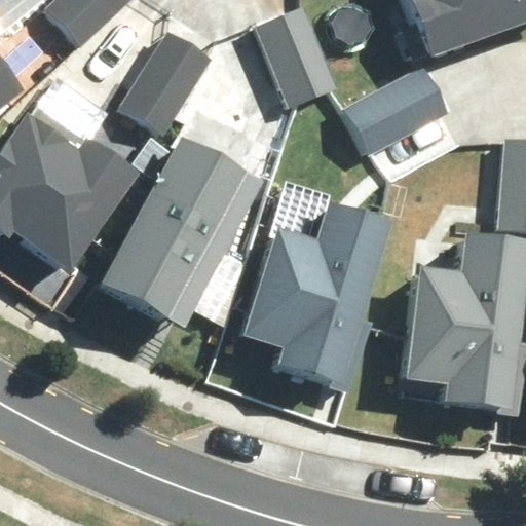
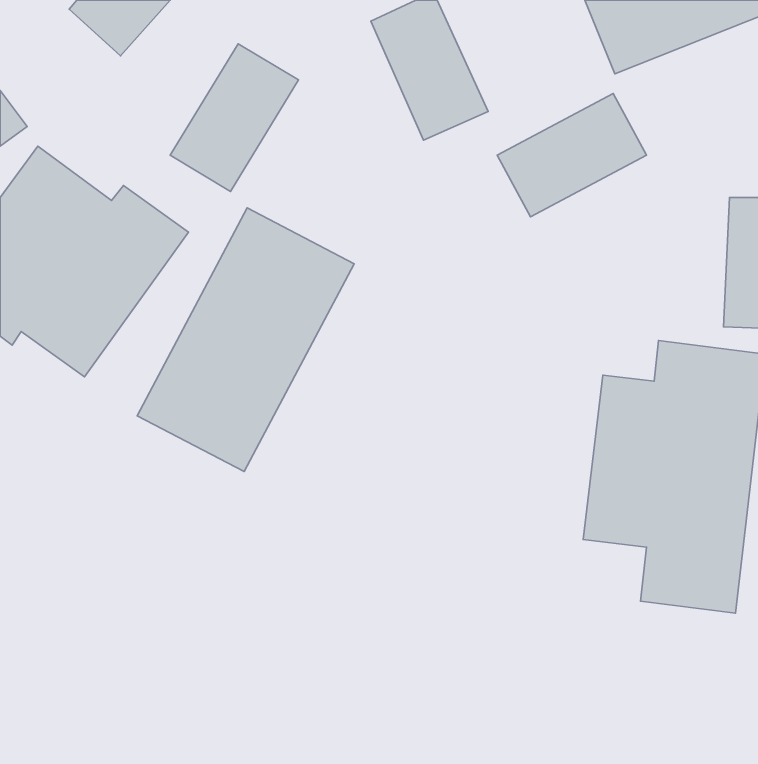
building: [240,210,388,401] -> none

